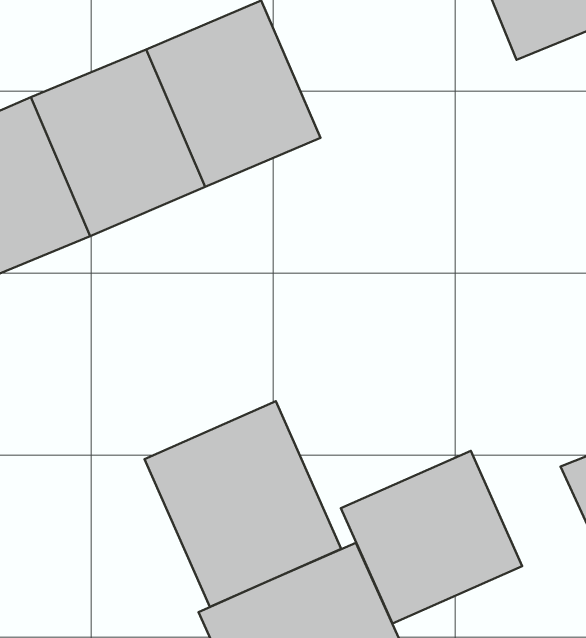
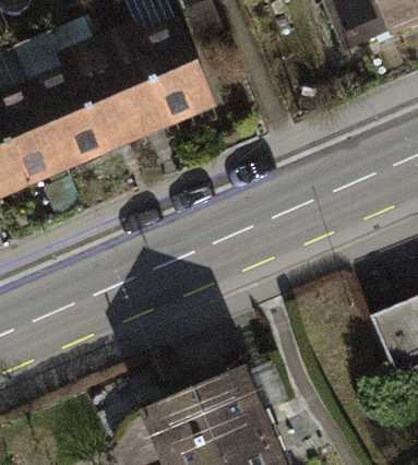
building: [144,401,341,607] -> none
building: [341,451,522,624] -> none

